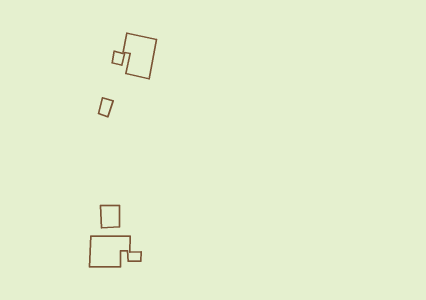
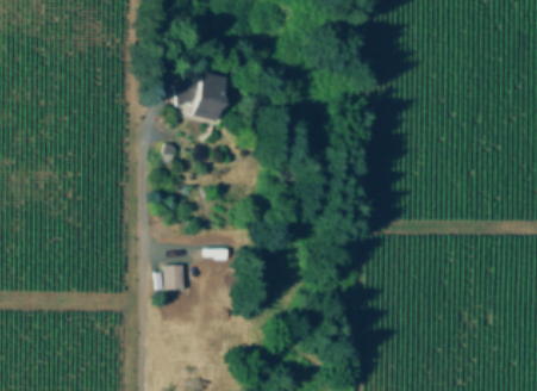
building: [89,236,141,267] -> none

